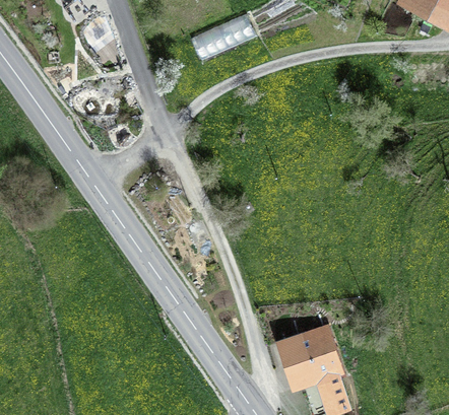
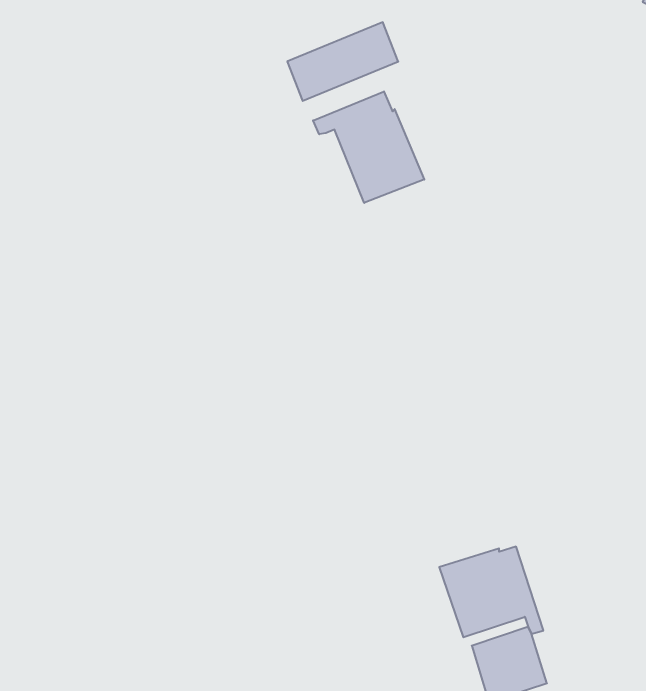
building: none -> [313,91,424,203]

